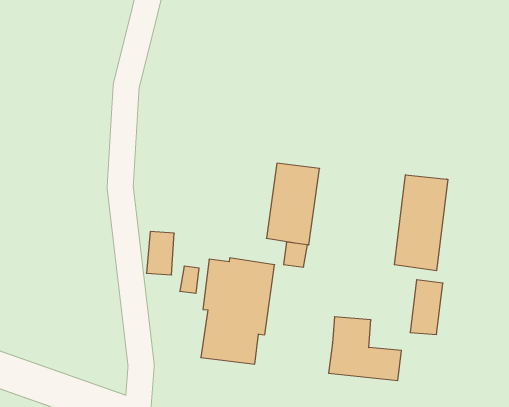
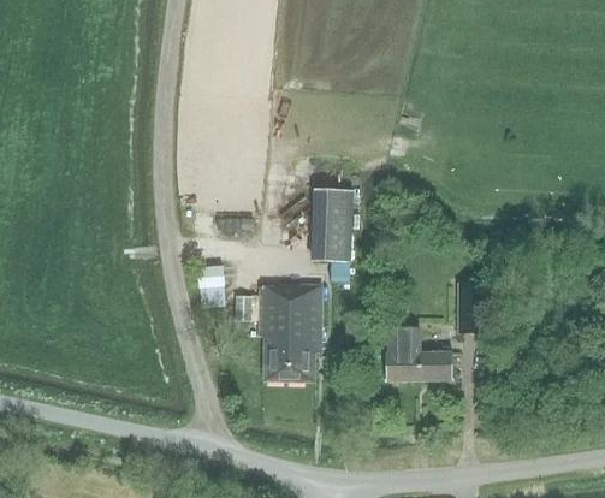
building: [394,175,448,271] -> none

